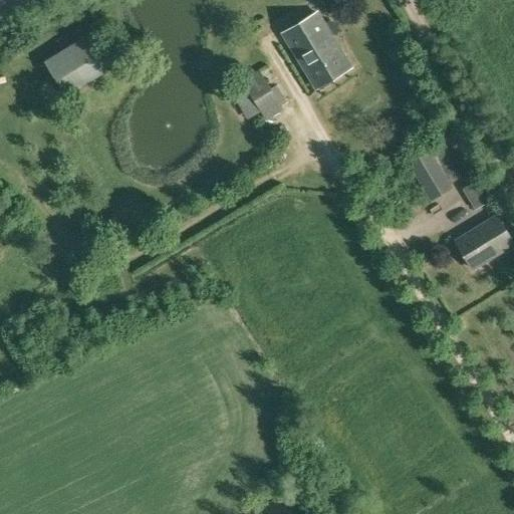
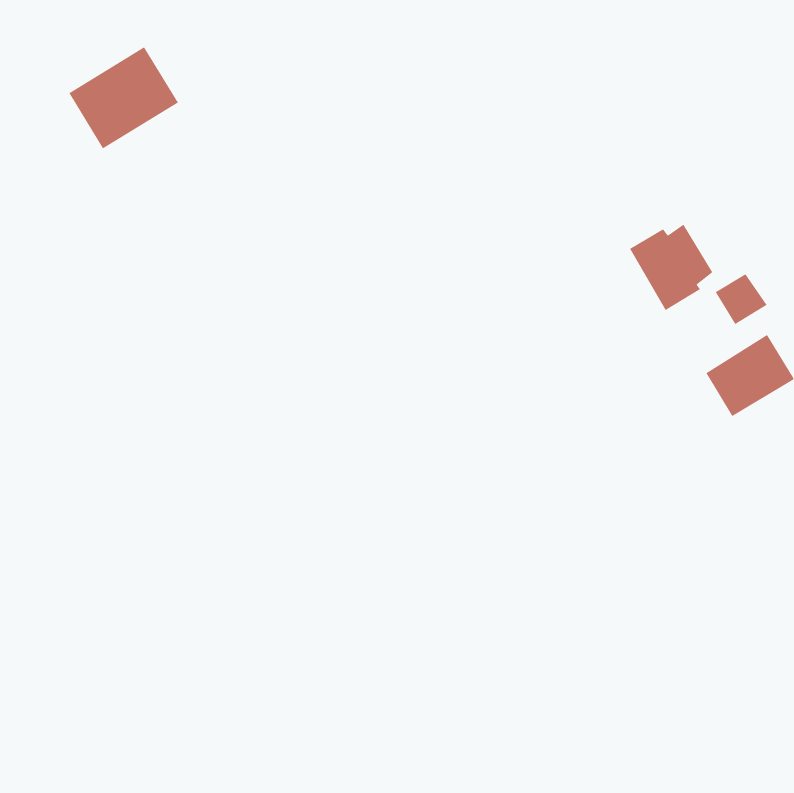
building: [290,10,343,85] -> none
building: [242,70,284,121] -> none

